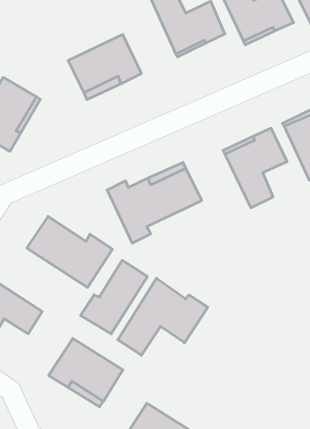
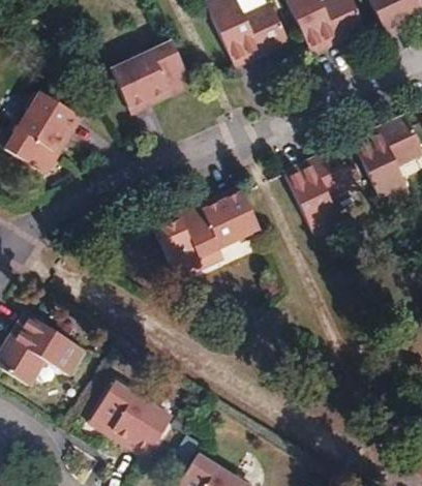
building: [27,216,112,287] -> none
building: [81,260,147,334] -> none
building: [118,278,208,355] -> none

